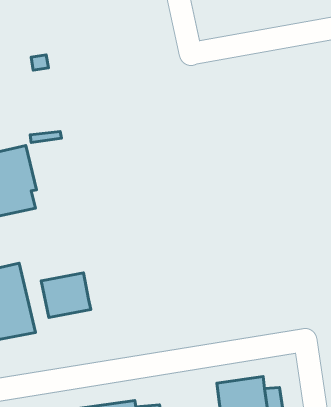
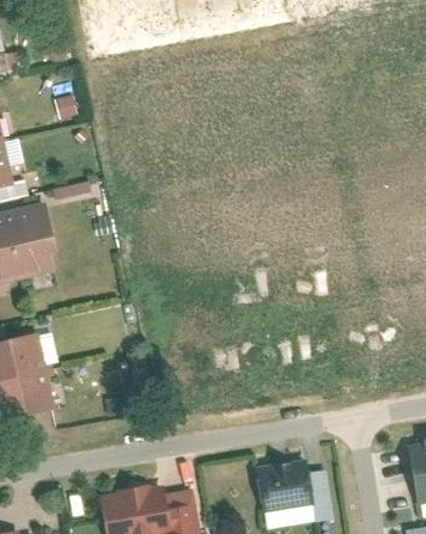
building: [41,273,91,318] -> none

